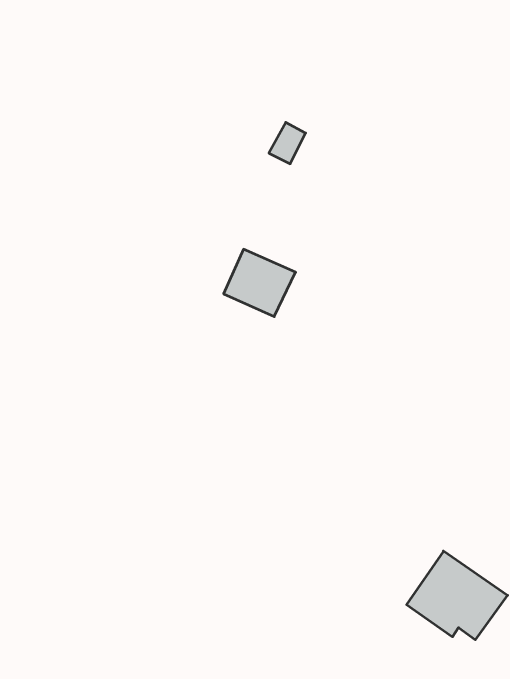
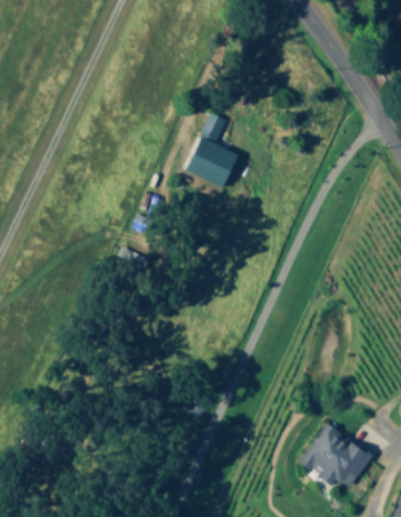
building: [224,249,296,317] -> [186,138,238,187]

